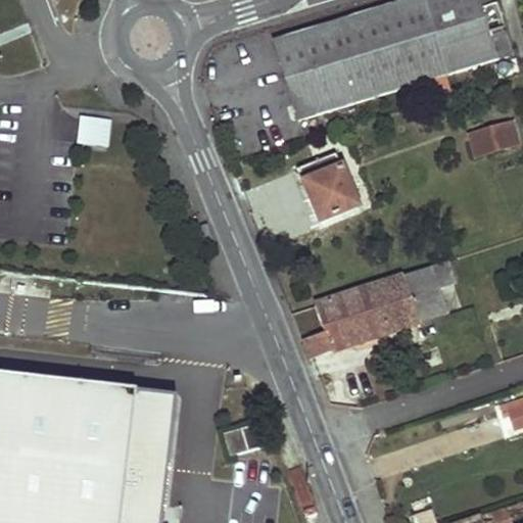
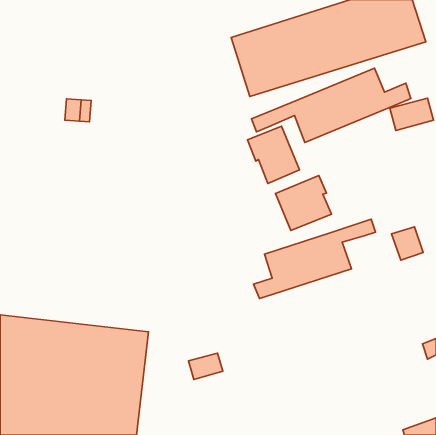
building: none -> [251,68,411,143]
building: none -> [276,175,331,230]
building: [410,282,447,322] -> [392,227,423,260]

